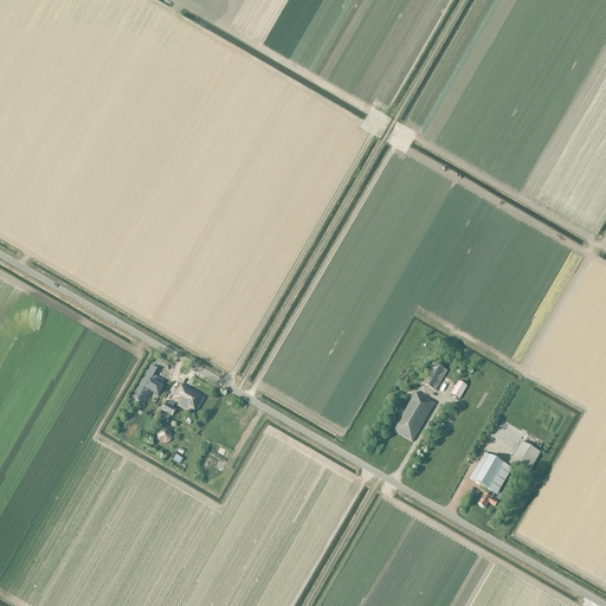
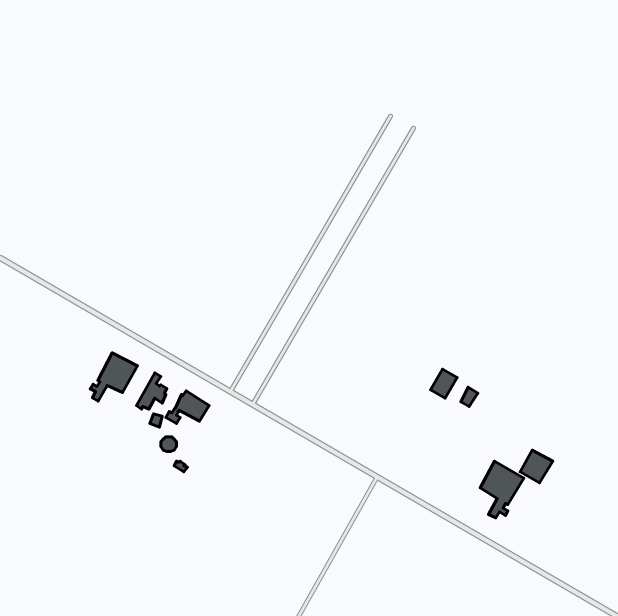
building: none -> [90,353,138,401]
building: [393,391,434,440] -> none

